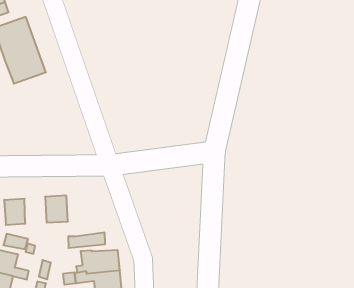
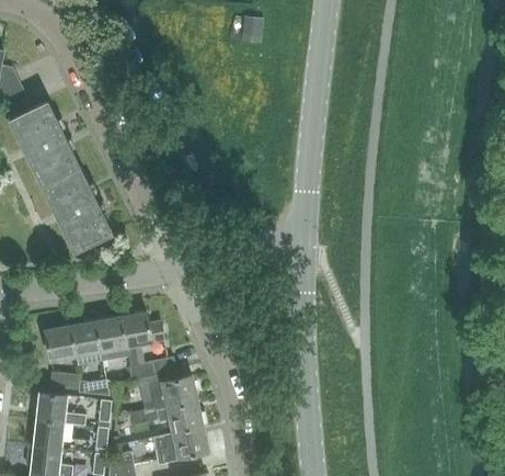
building: none -> [39,166,111,250]
building: none -> [120,311,162,366]
building: none -> [69,320,102,365]

